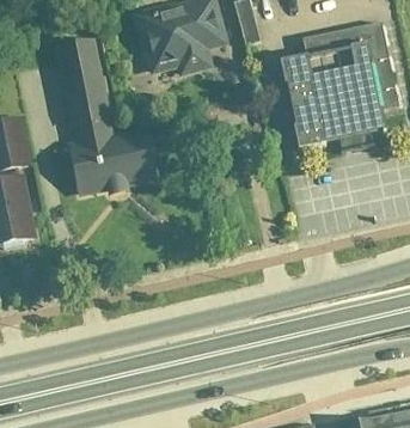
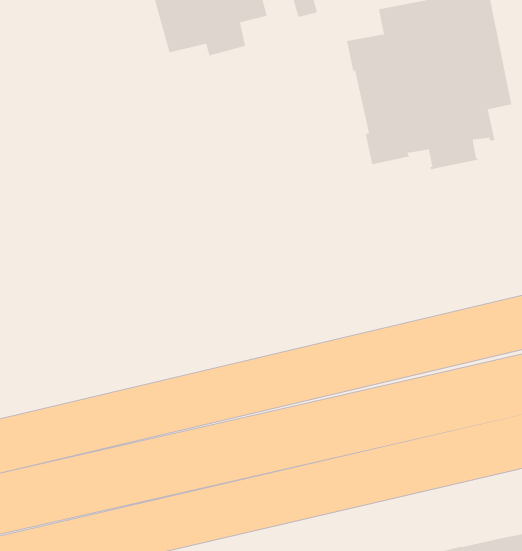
building: [57,38,154,191] -> none

